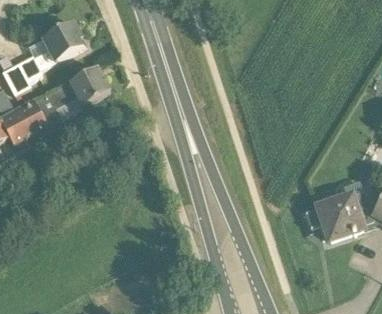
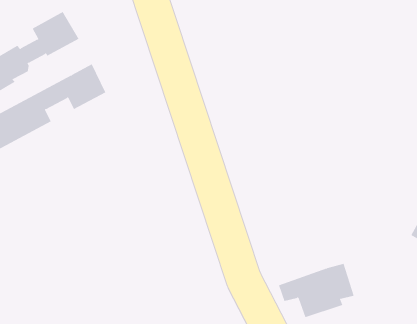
building: [306,192,372,239] -> [278,263,355,318]

